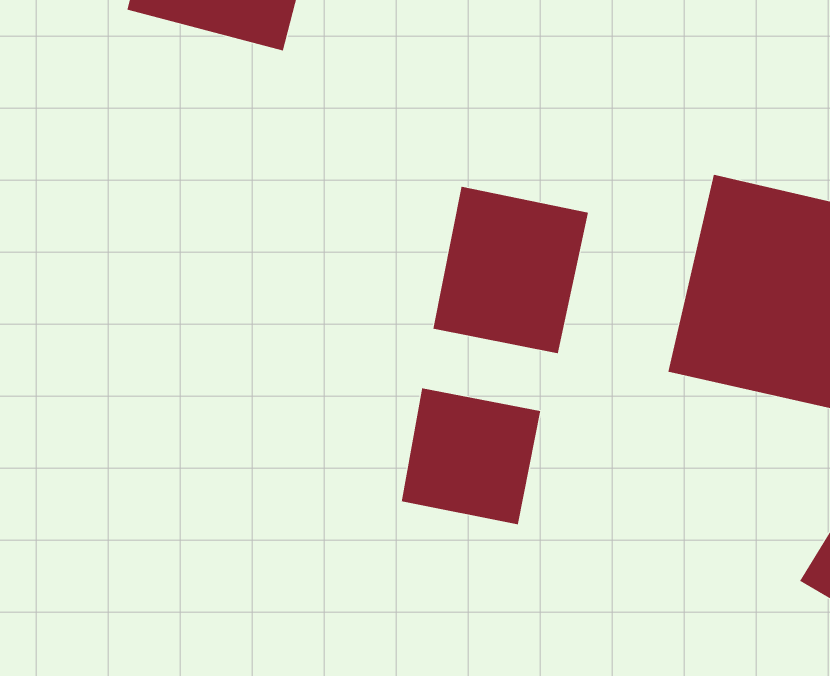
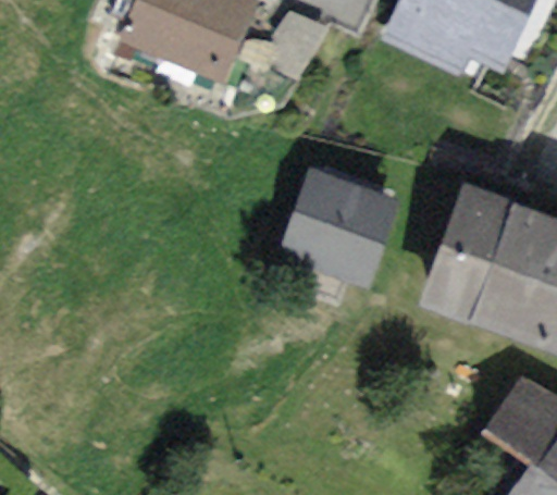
building: [401,388,541,525] -> none

